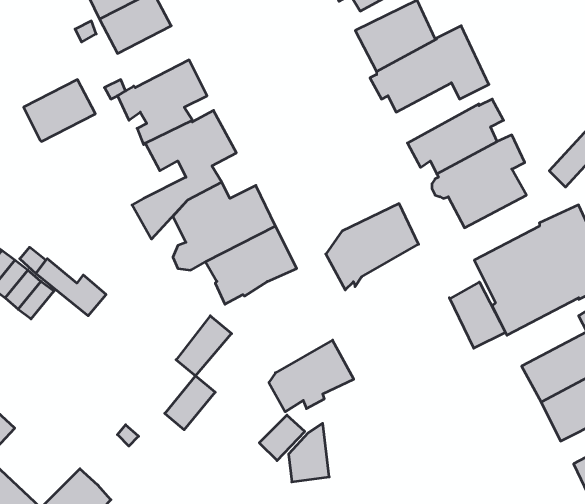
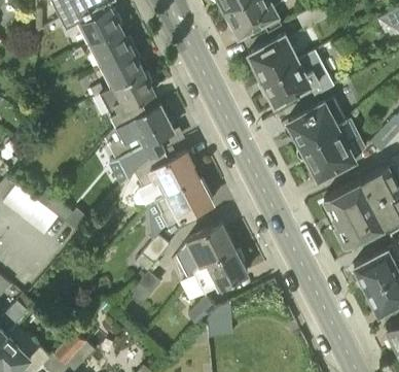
building: [24,80,95,141] -> [99,52,144,91]
building: [326,204,419,290] -> [176,225,234,279]
building: [449,282,505,348] -> none

